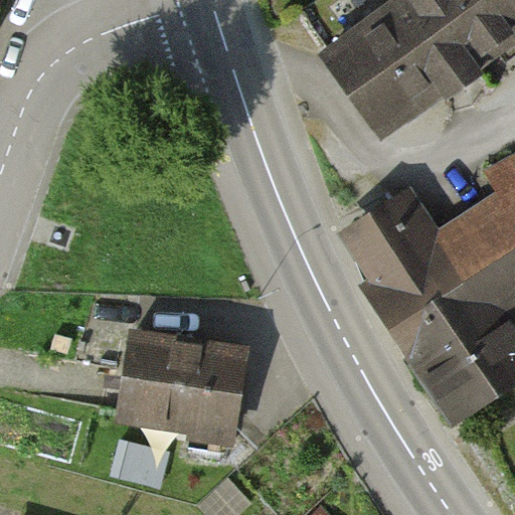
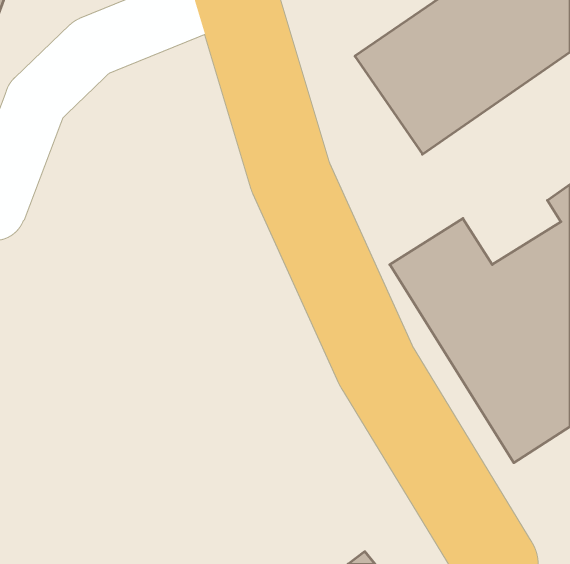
building: [119,337,251,443] -> none

